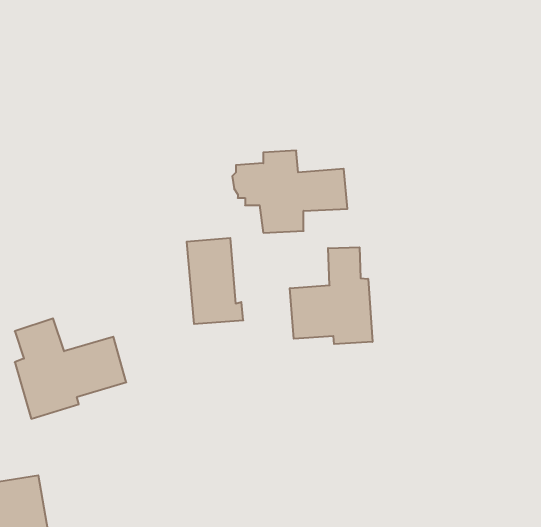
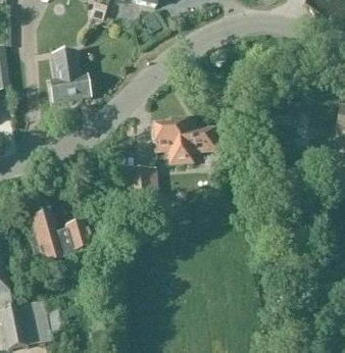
building: none -> [50,49,91,101]
building: [290,247,372,344] -> none

